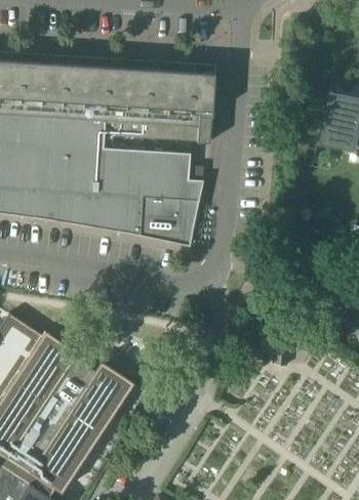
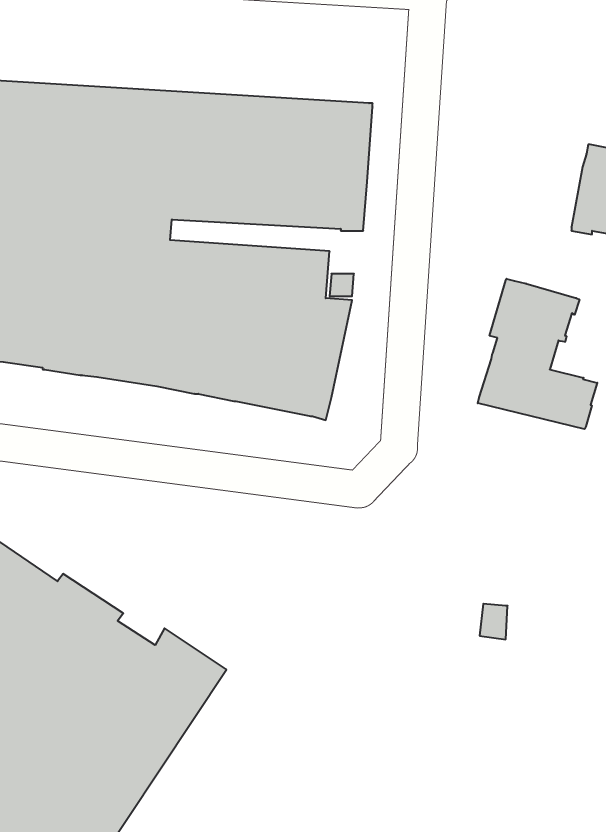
building: none -> [478,279,597,429]

